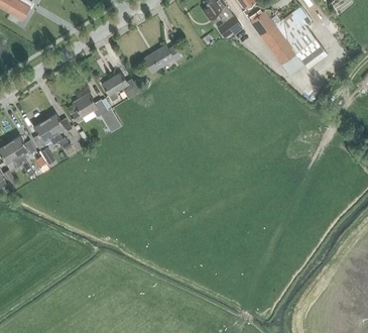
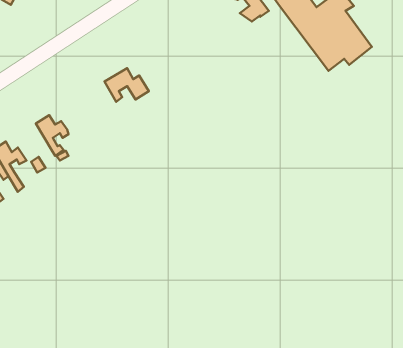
building: [143,44,180,72] -> none
building: [72,93,115,122] -> none
building: [32,119,57,148] -> none

